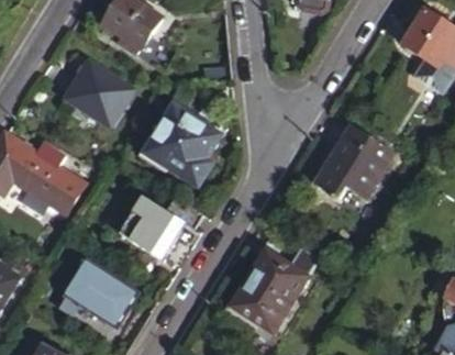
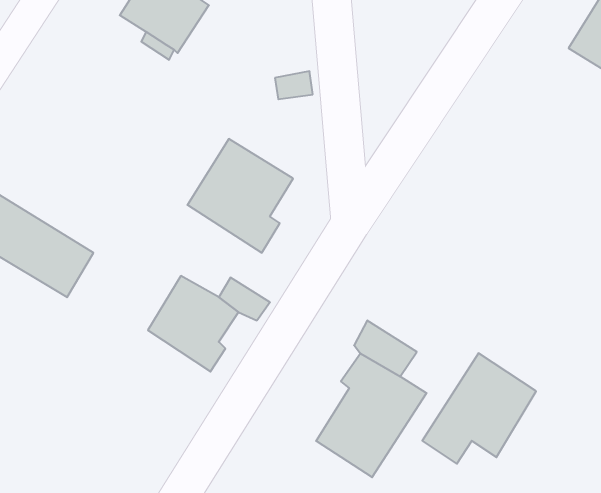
building: [66,59,133,125] -> none
building: [315,129,391,202] -> [422,353,536,464]
building: [65,263,136,328] -> none

